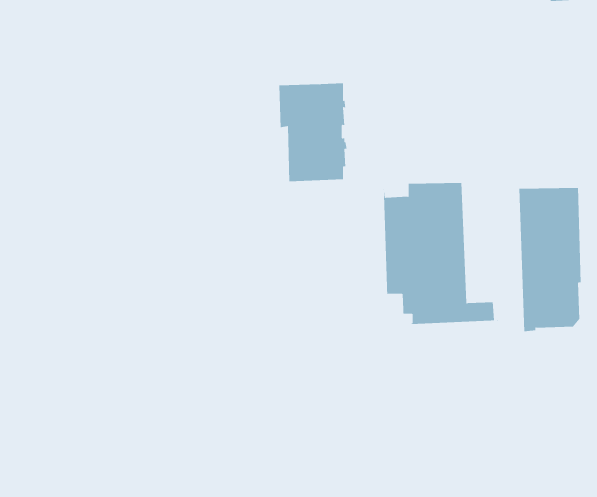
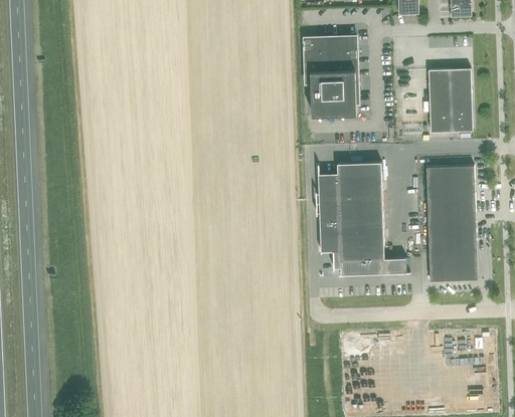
building: none -> [427,68,473,133]
building: [278,83,348,182] -> [304,36,359,116]

